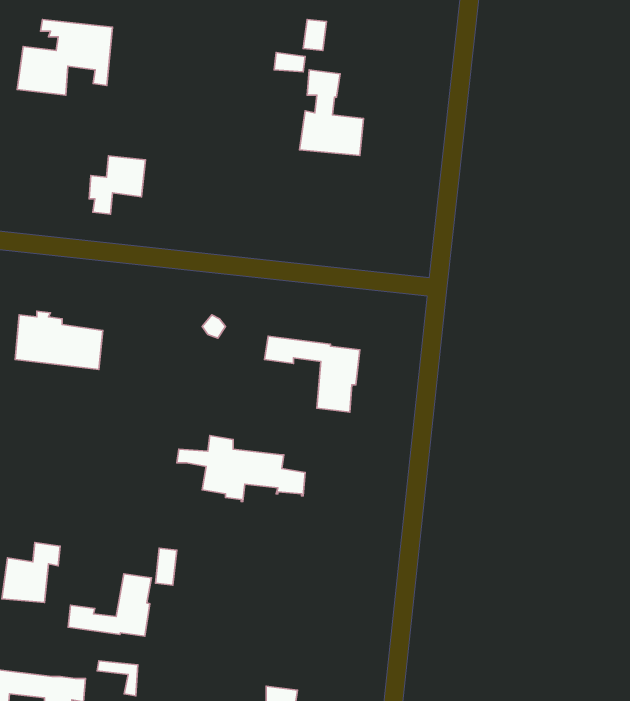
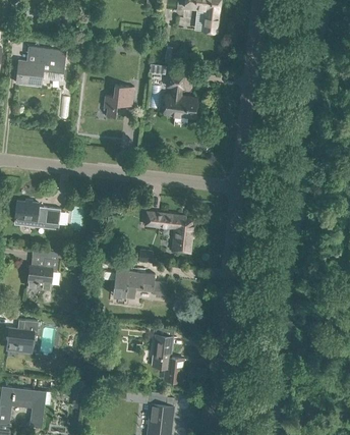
building: [89,156,145,214] -> [104,86,133,116]
building: none -> [26,259,57,290]
building: none -> [152,336,183,382]
building: [68,574,152,636] -> none

